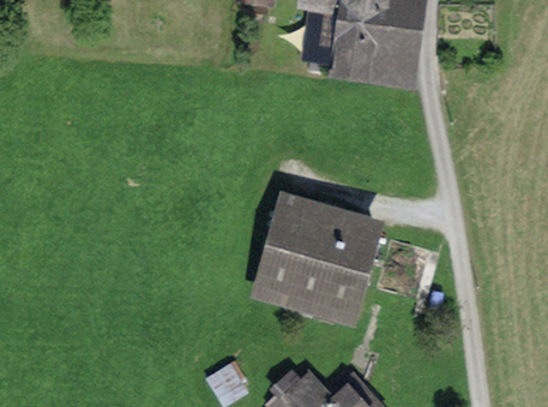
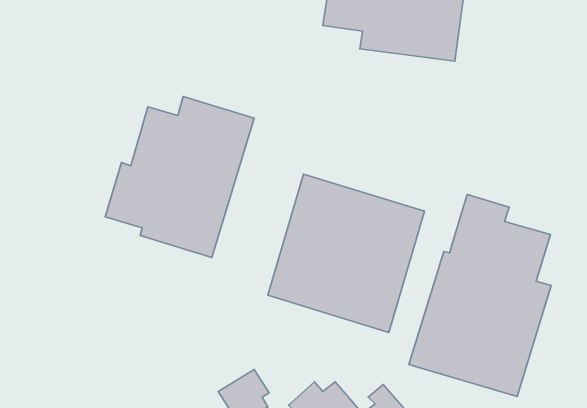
building: none -> [105,96,254,258]
building: none -> [409,195,551,397]

